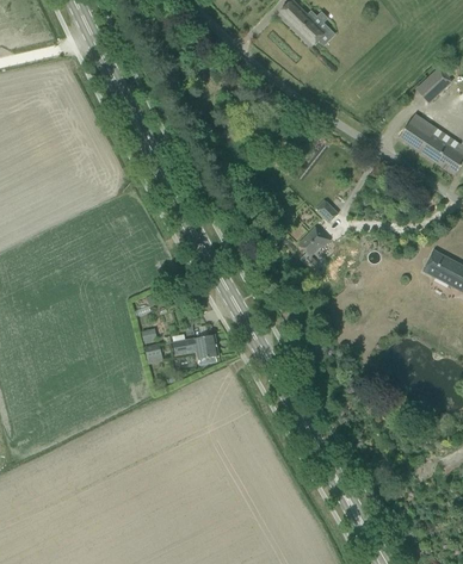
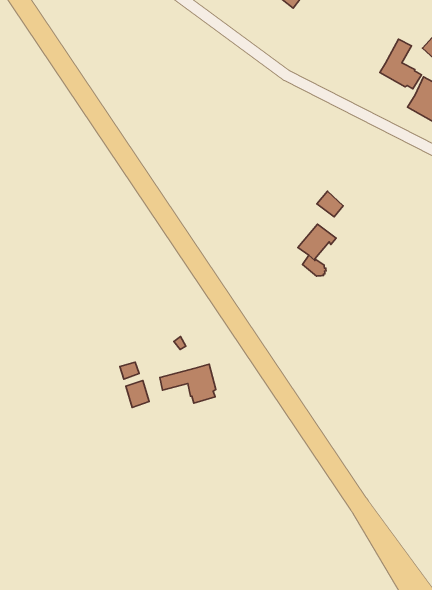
building: none -> [380,39,422,89]

